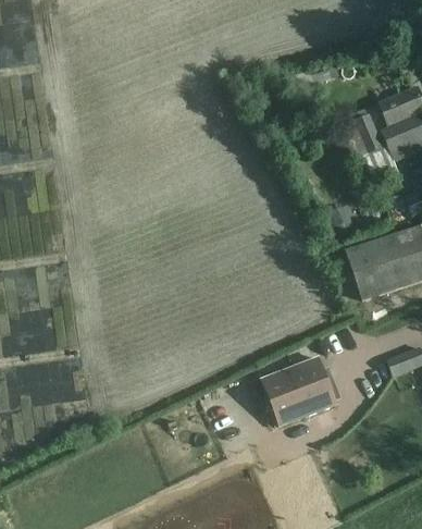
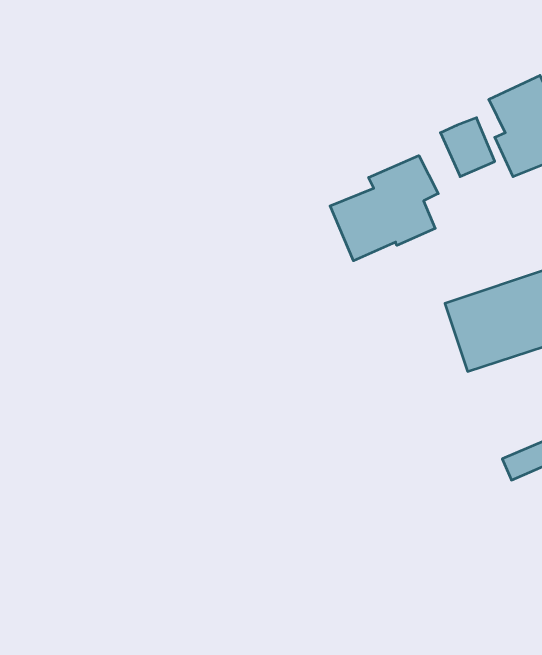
building: none -> [330,156,438,261]
building: [262,356,336,426] -> none

